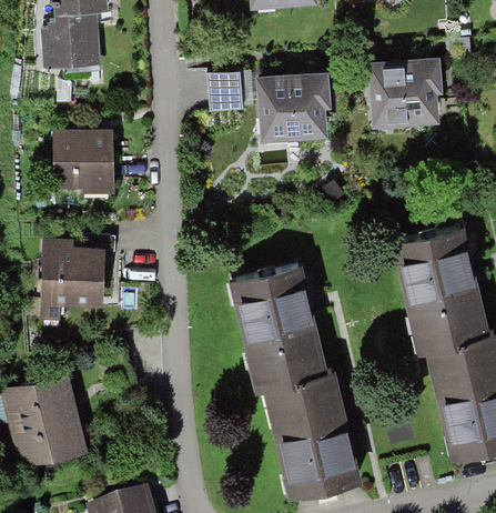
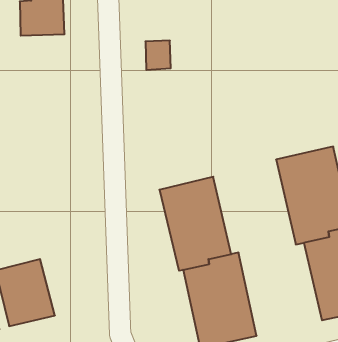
building: [371,58,442,131] -> none
building: [255,76,330,143] -> none
building: [50,130,113,194] -> none
building: [36,242,104,316] -> none

